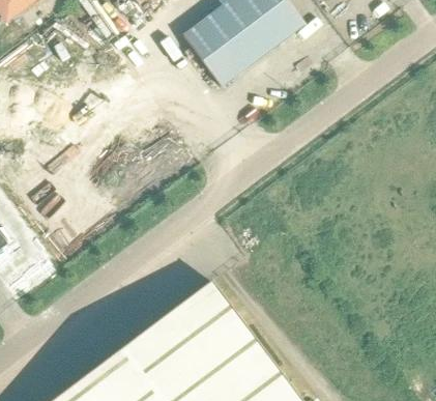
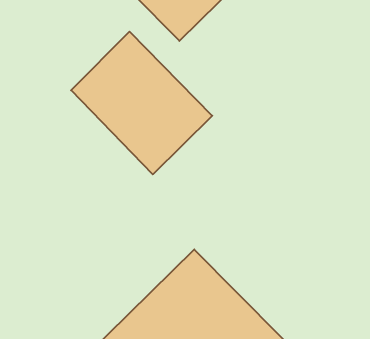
building: none -> [71,32,212,174]

